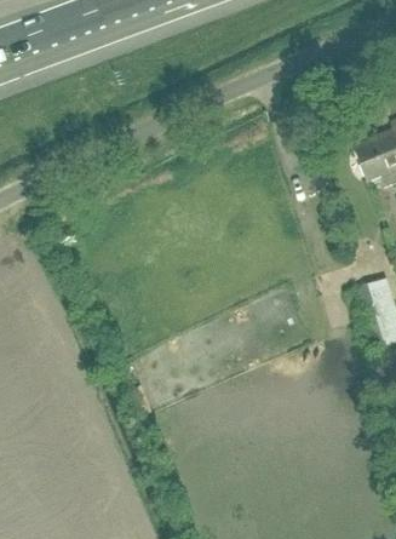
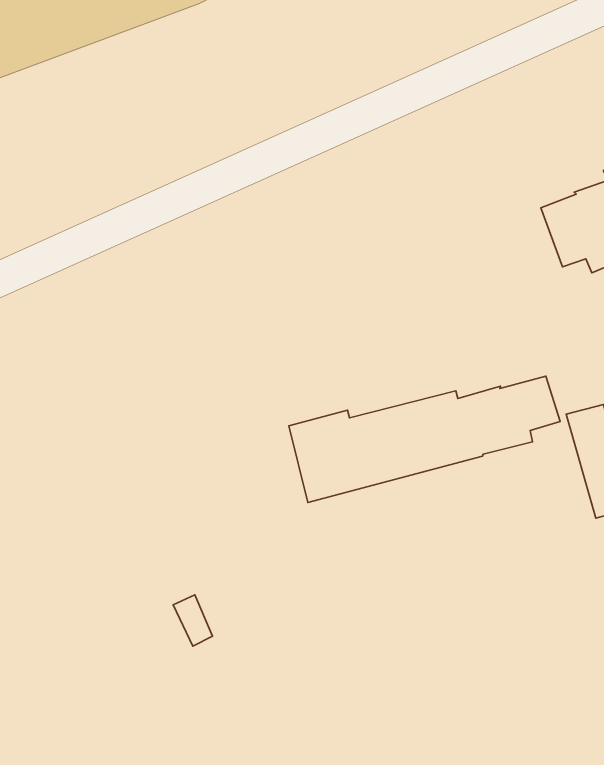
building: none -> [289,376,560,502]

